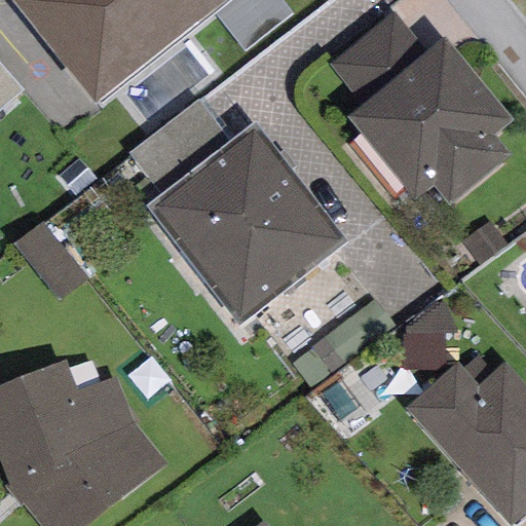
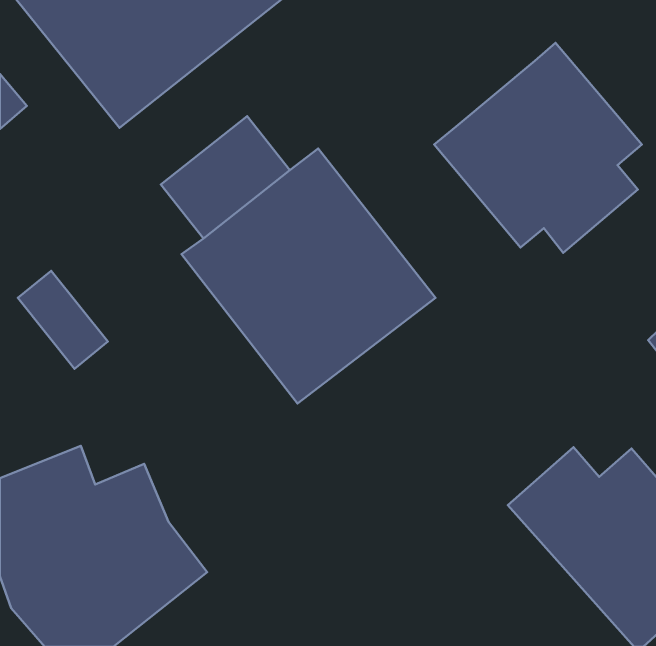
building: [330,11,426,104] -> none

